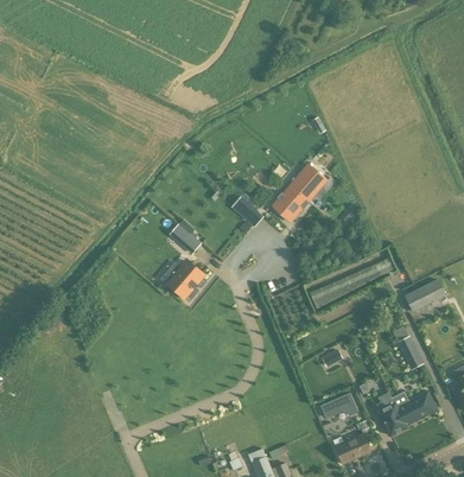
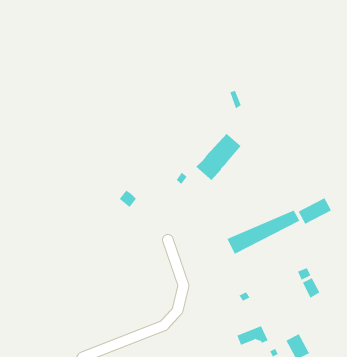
building: [170,262,205,299] -> none
building: [406,280,446,312] -> [298,198,332,224]
building: [392,392,437,426] -> none

